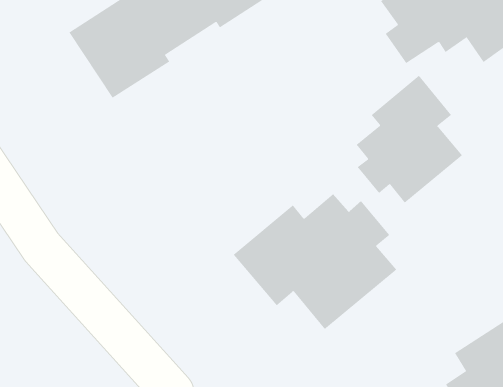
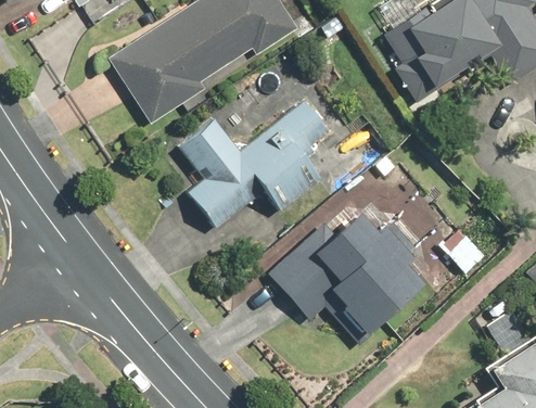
building: none -> [182,98,332,228]
building: [356,75,463,204] -> none

